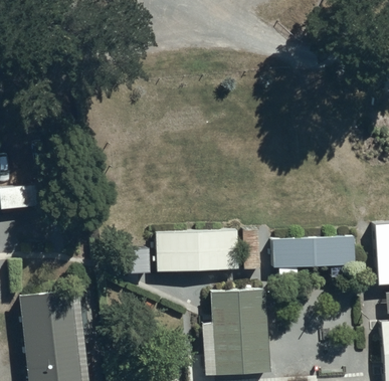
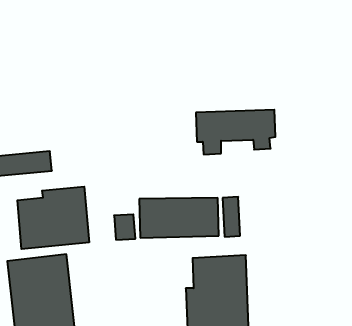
building: none -> [17,187,89,249]
building: [271,235,354,281] -> [196,110,275,154]

